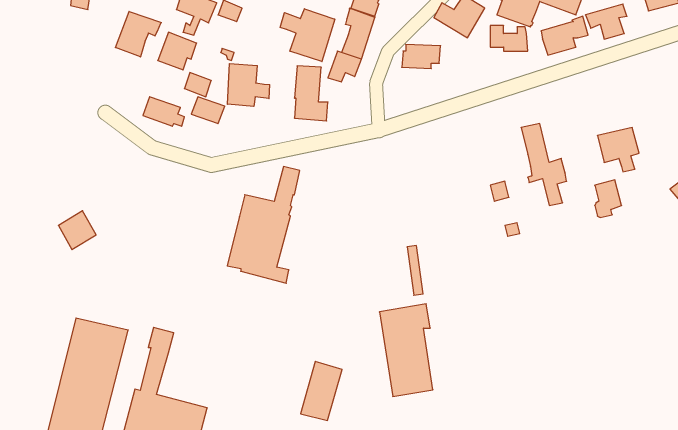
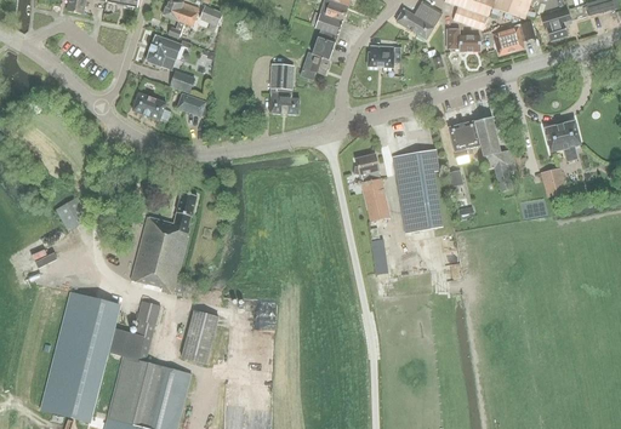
building: [280,9,335,62] -> none
building: [115,11,161,57] -> none
building: [227,64,270,106] -> none
building: none -> [448,120,480,156]
building: none -> [355,153,389,221]
building: [227,167,300,283] -> [131,190,196,296]
building: [379,304,433,396] -> [393,148,441,231]
building: [301,361,342,420] -> [181,309,218,362]

